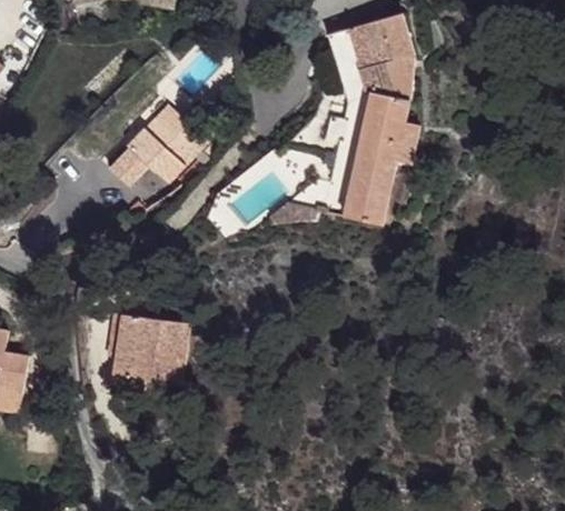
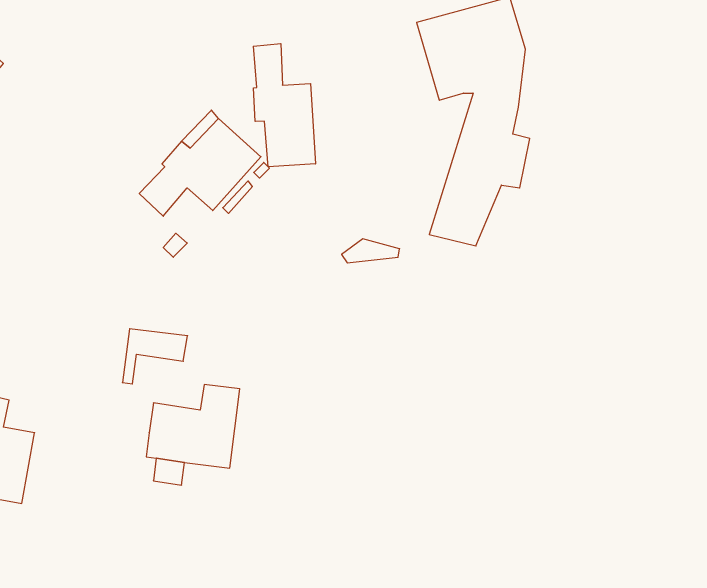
building: none -> [253,44,315,167]
building: [111,313,162,357] -> [122,329,188,384]

